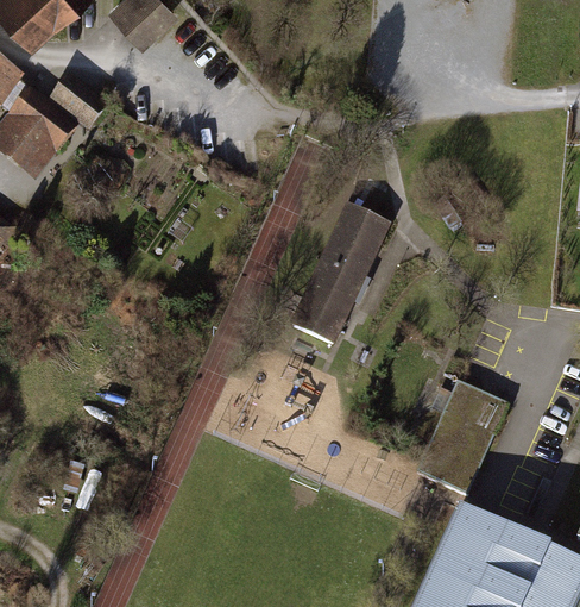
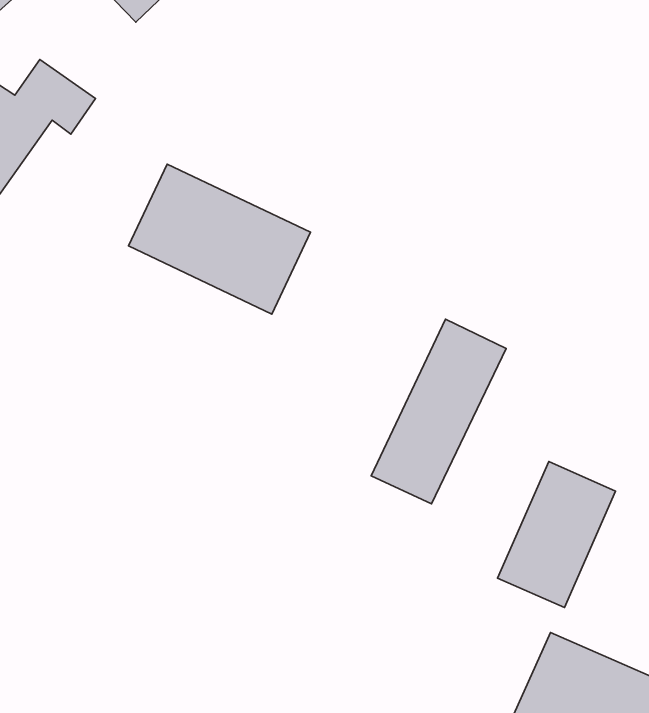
building: none -> [128,164,310,314]
building: [286,206,390,348] -> [371,319,506,504]

